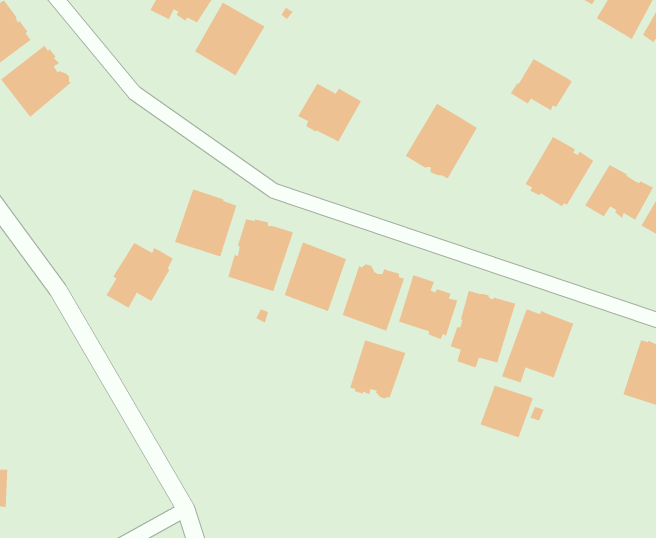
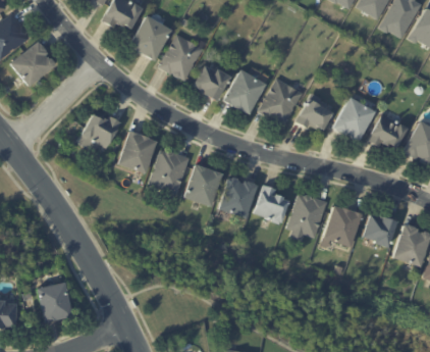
building: none -> [159,35,207,82]
building: [510,58,573,111] -> [294,99,333,132]
building: none -> [223,69,266,114]
building: [106,242,174,308] -> [77,109,119,150]
building: none -> [360,213,395,247]
building: [349,339,406,399] -> none
building: [480,385,533,438] -> none
building: none -> [39,282,73,321]

